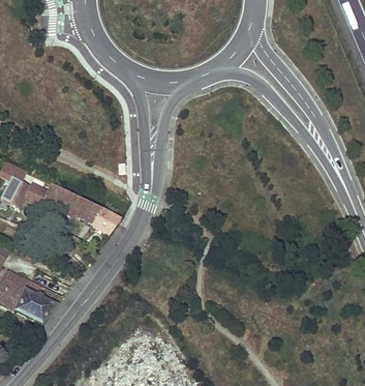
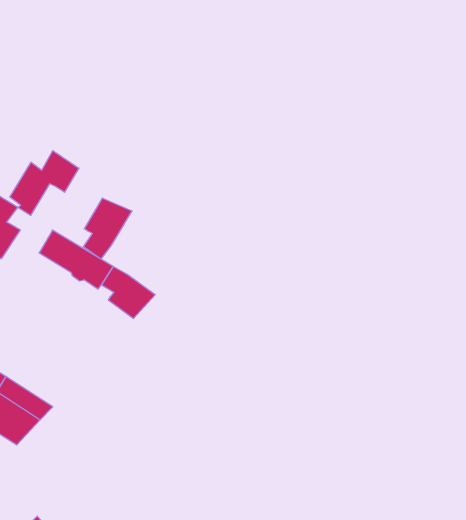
building: none -> [10,151,79,215]
building: none -> [83,198,132,259]

